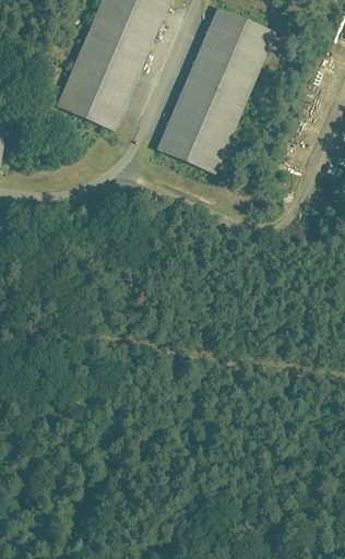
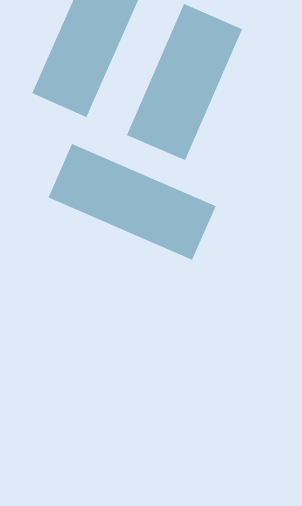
building: none -> [47,143,217,261]

